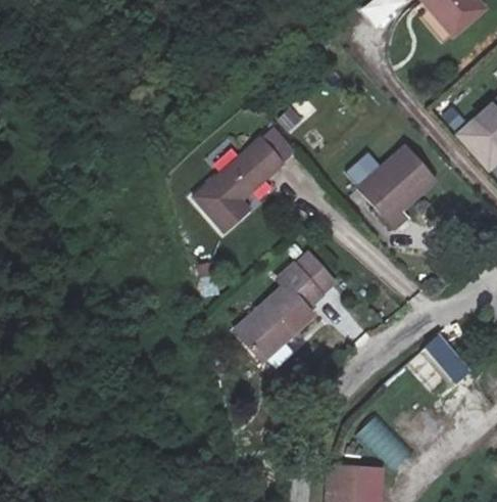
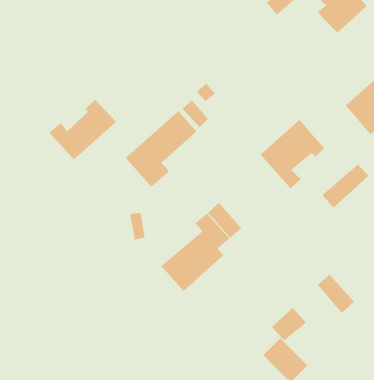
building: none -> [49,99,117,160]
building: none -> [322,163,369,208]
building: none -> [271,307,307,341]

